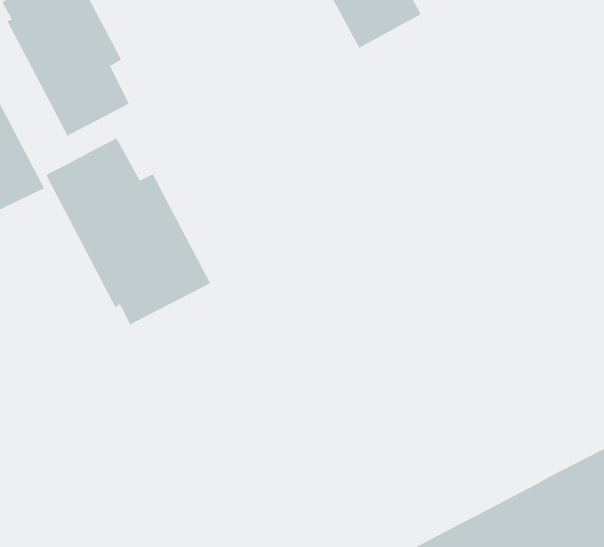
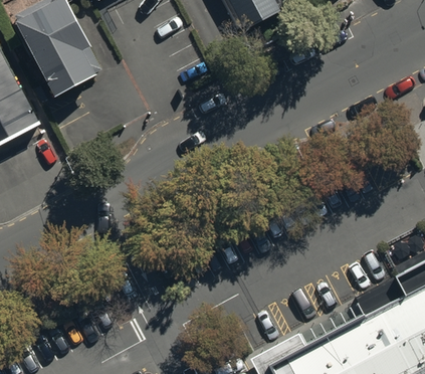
building: [45,137,211,325] -> none

